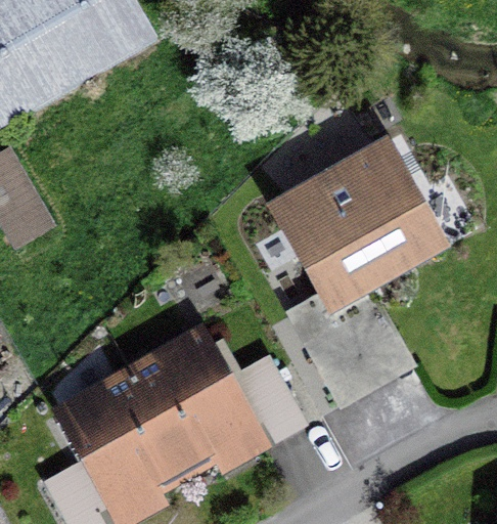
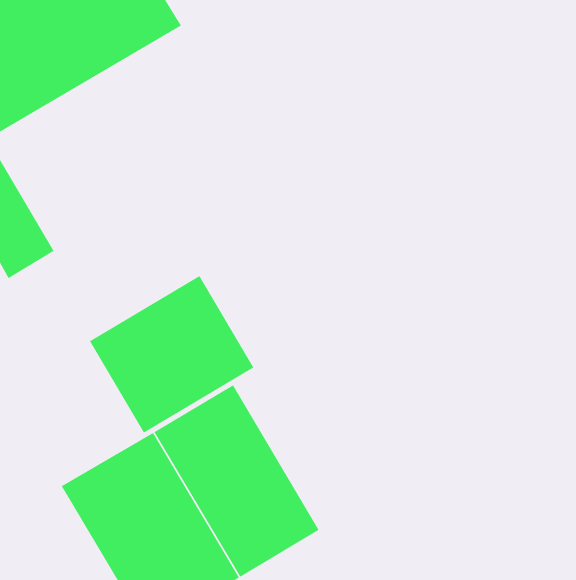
building: [271,141,439,311] -> none
building: none -> [89,275,254,433]

